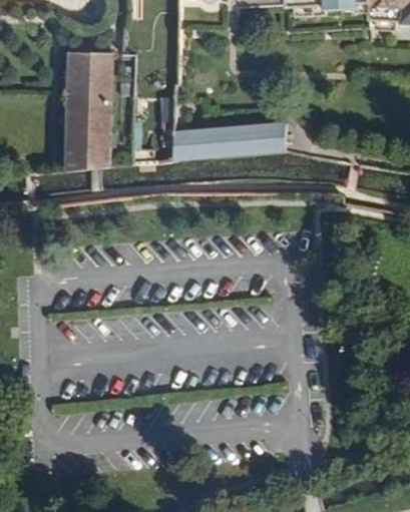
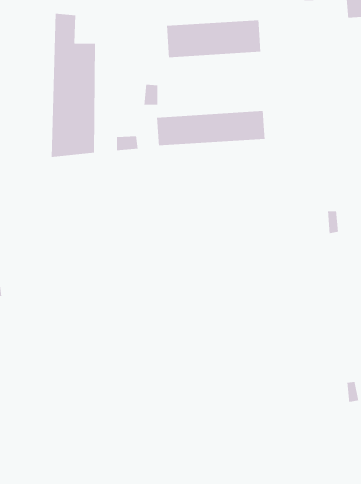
building: none -> [166,19,261,58]

